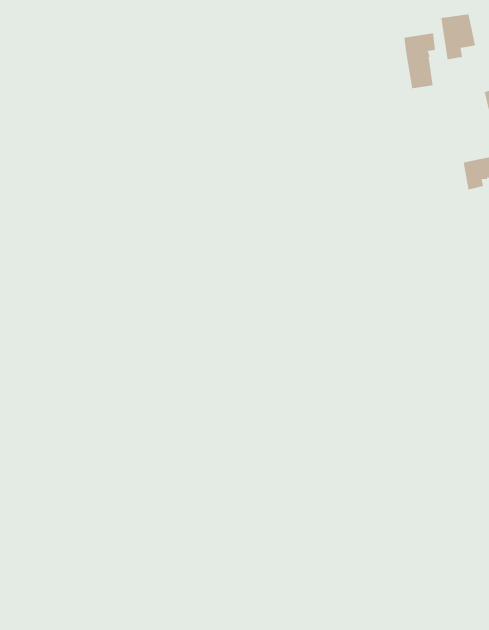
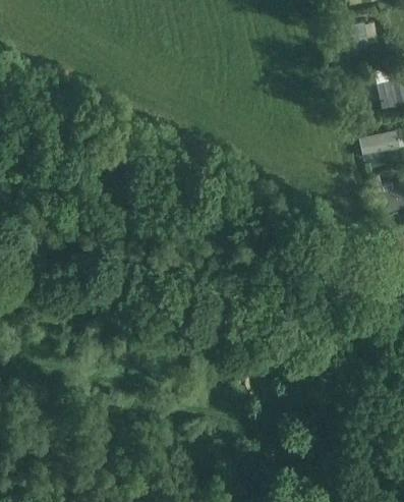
building: [404,32,435,89] -> none

